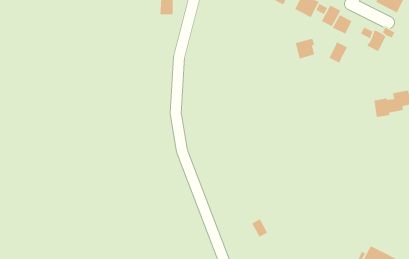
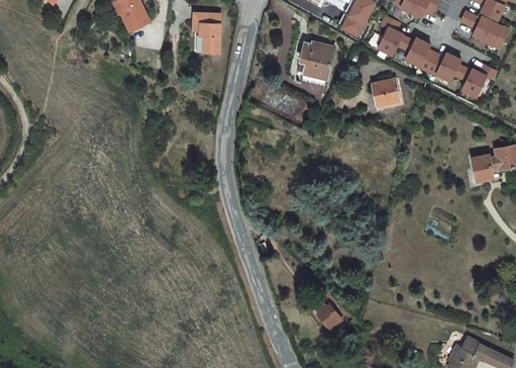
building: none -> [298,42,333,80]
building: [328,41,348,64] -> [436,53,460,81]

